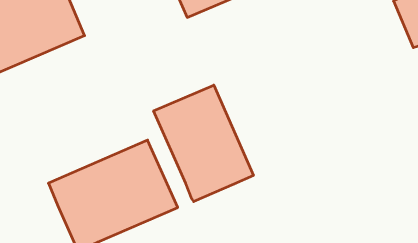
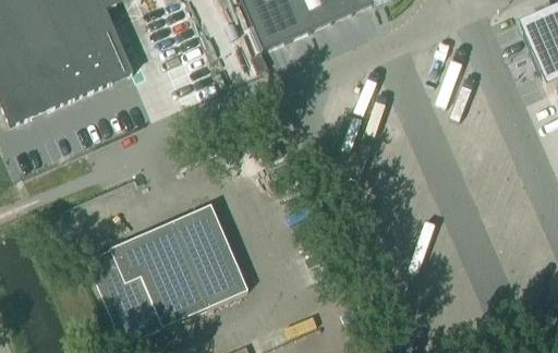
building: [154,85,253,202] -> none

